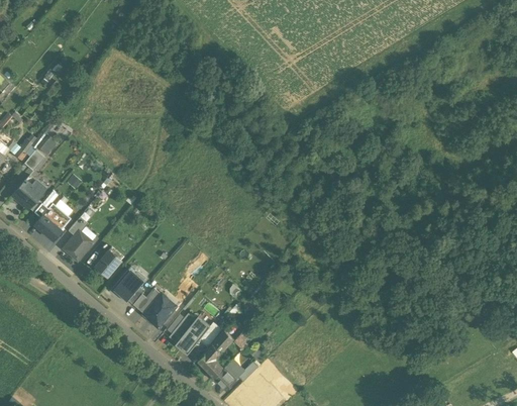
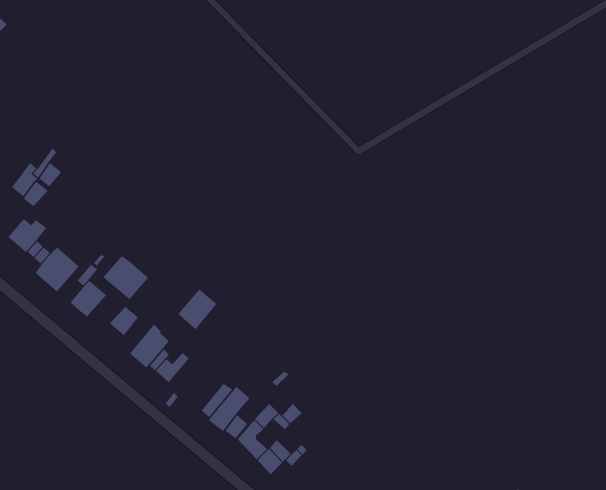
building: none -> [102,255,149,300]
building: [143,294,176,327] -> [177,289,217,330]

